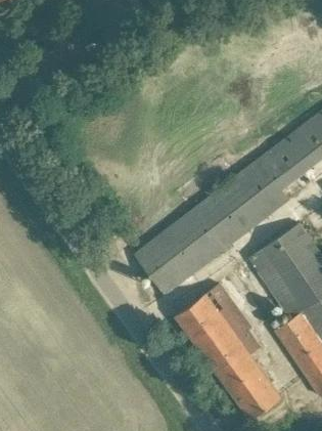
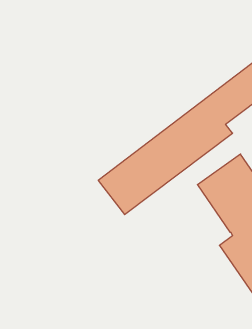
building: [176,285,280,419] -> none

